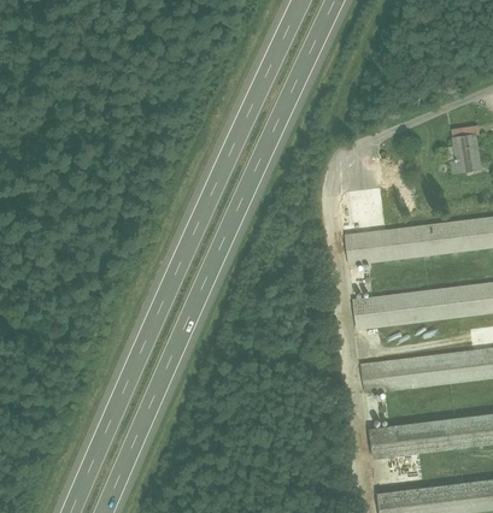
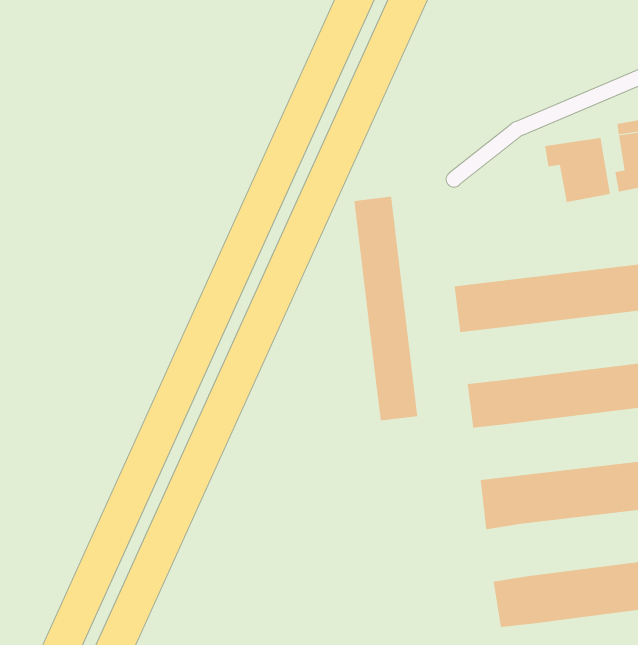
building: none -> [545,137,611,203]
building: none -> [354,196,418,421]

